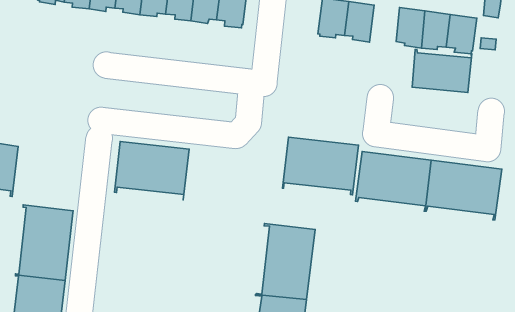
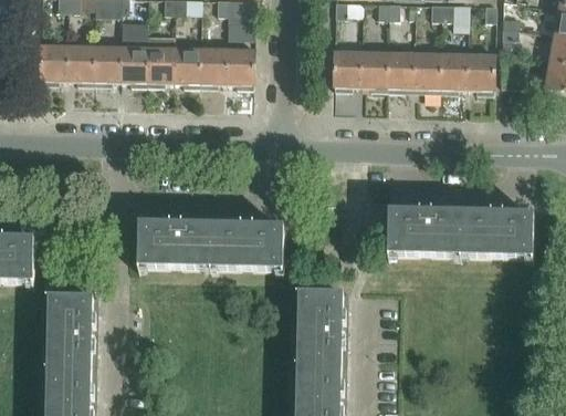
building: none -> [386,52,413,91]
building: [412,49,472,93] -> none
building: [283,137,358,195] -> [209,219,283,272]

